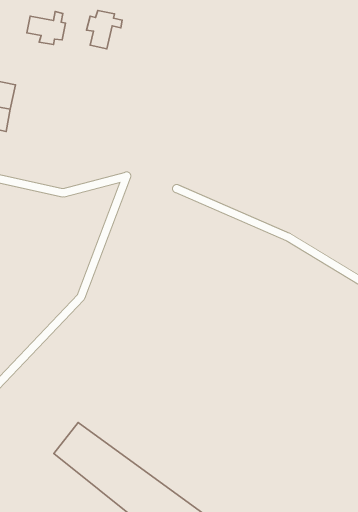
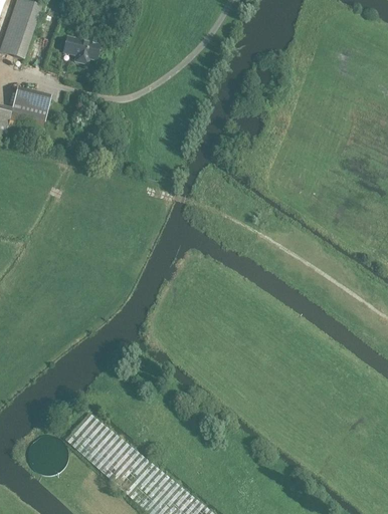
building: [87,10,122,49] -> none

